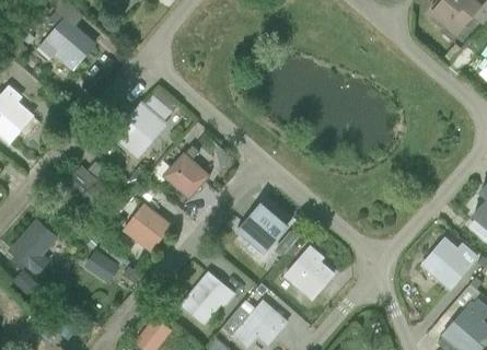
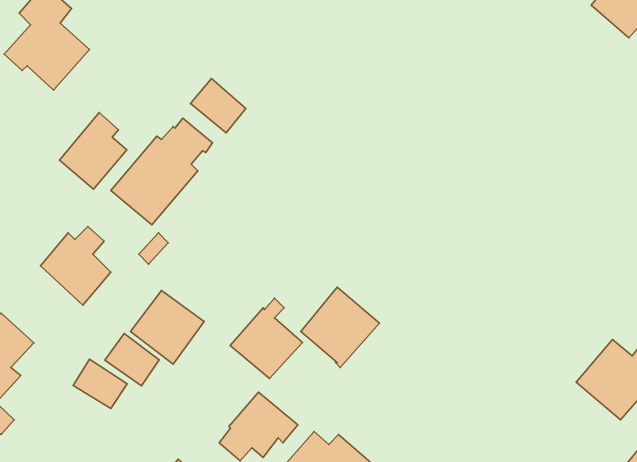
building: none -> [190,79,246,133]
building: none -> [59,112,127,189]
building: [162,145,210,199] -> [230,298,302,378]
building: none -> [105,333,159,386]
building: [283,244,335,300] -> none

